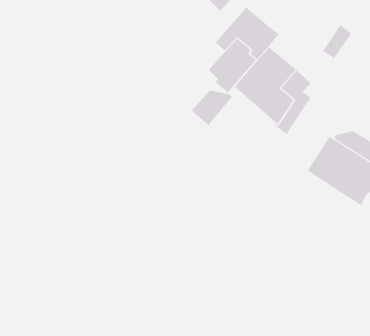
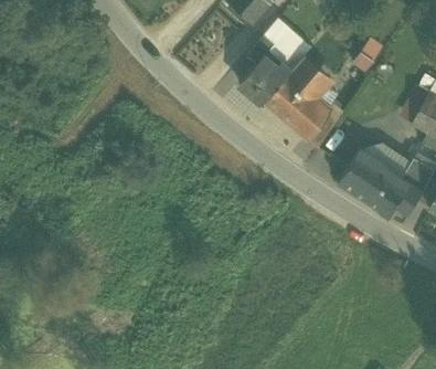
building: [191,90,232,126] -> none

